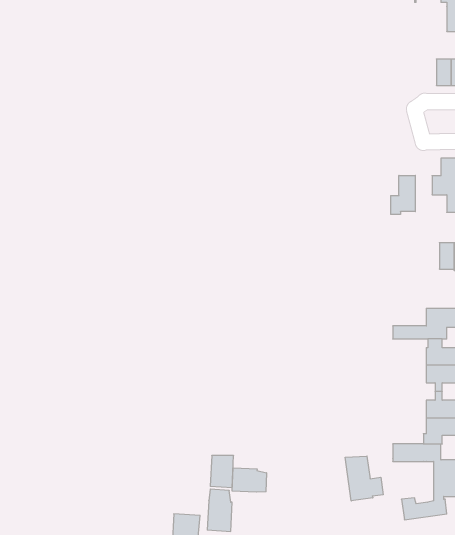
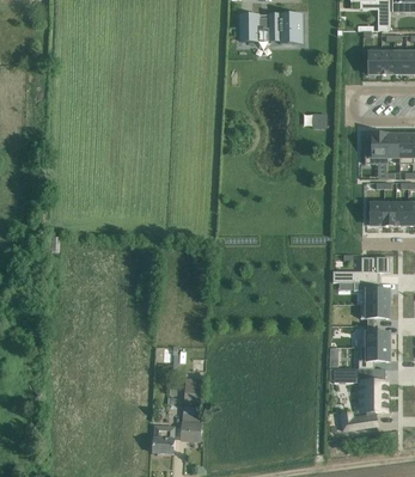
building: none -> [239,13,300,42]
building: [391,175,415,214] -> none
building: [345,456,383,501] -> none
building: [232,468,266,492] -> none

